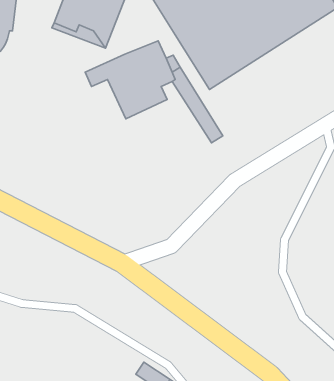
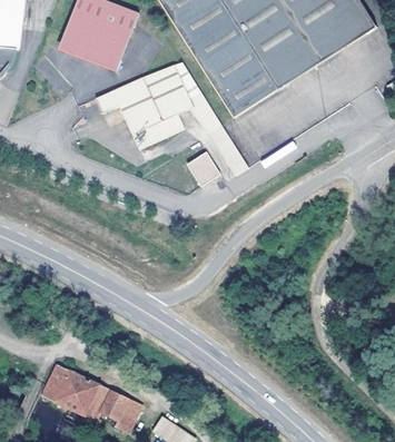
building: none -> [185,151,218,185]
building: none -> [41,364,140,432]

